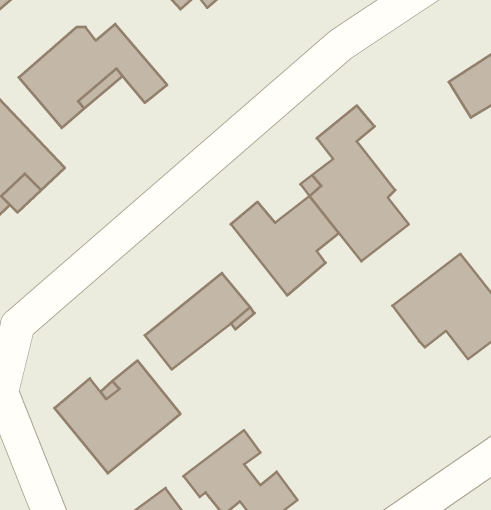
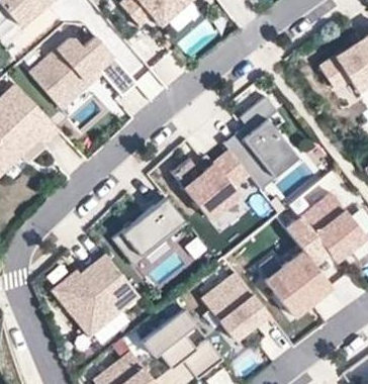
building: none -> [265,249,333,315]
building: none -> [201,269,269,340]

